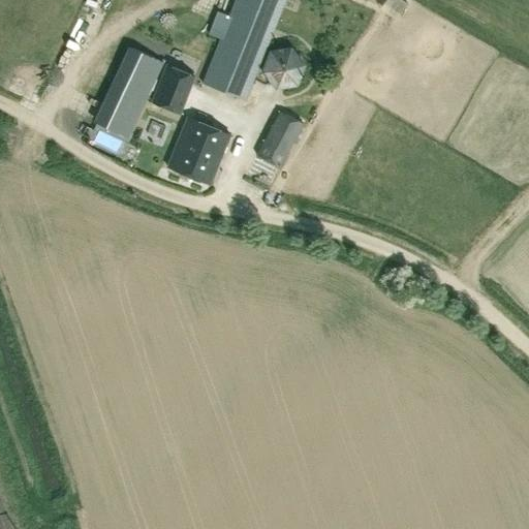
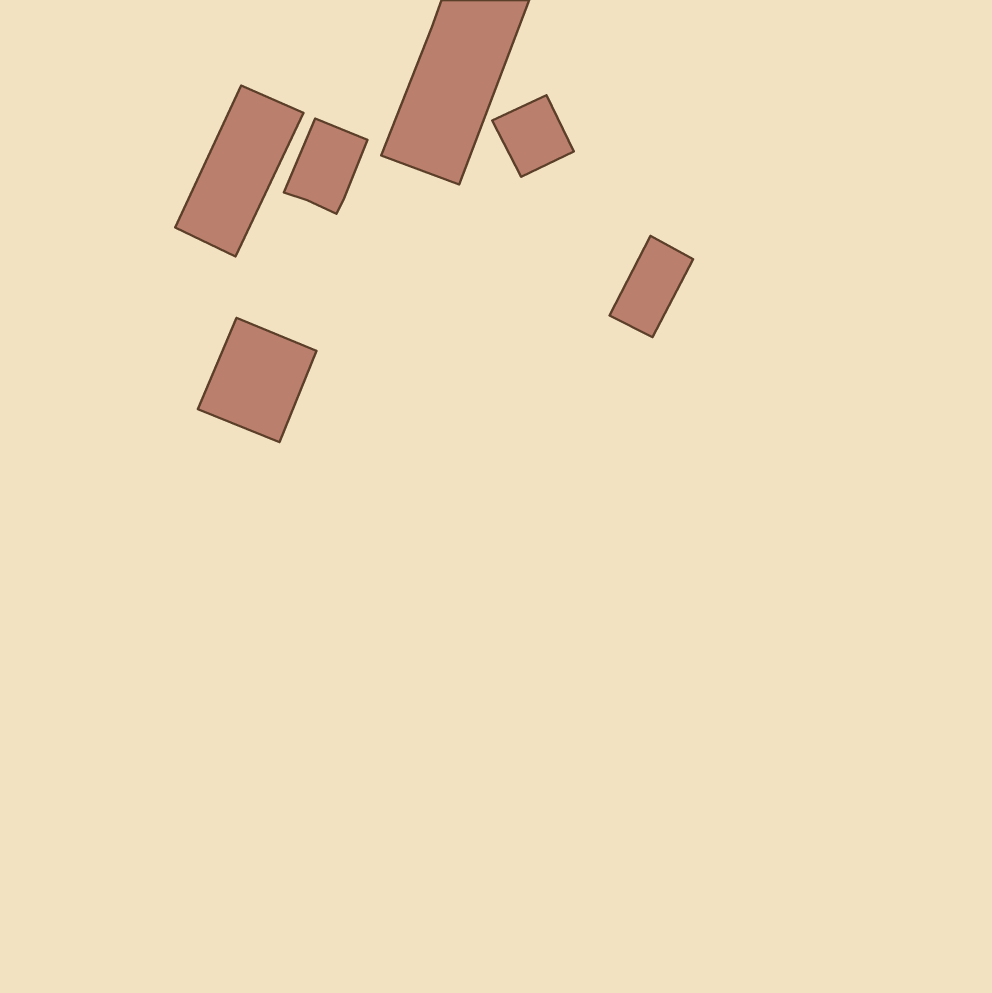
building: [256,111,301,164] -> [610,236,693,337]
building: [167,117,230,183] -> [198,318,316,442]

